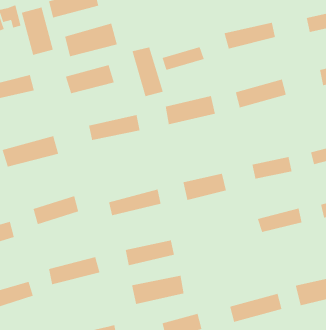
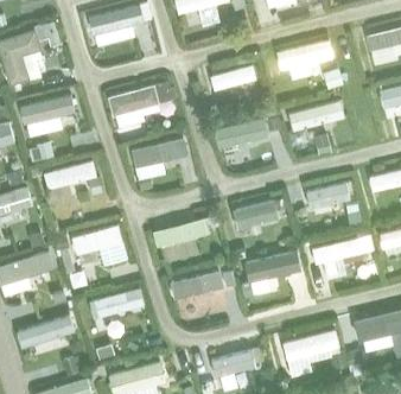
building: [21,6,54,56] -> none
building: [64,22,118,57] -> none
building: [132,46,164,97] -> none
building: [131,275,184,305] -> [243,252,300,284]

